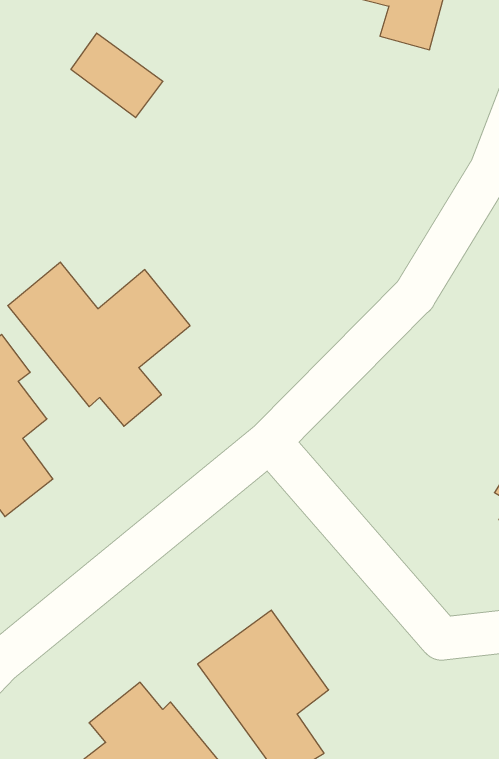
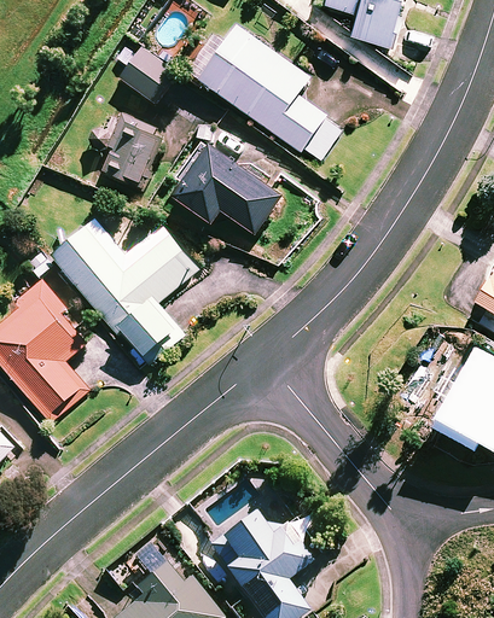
building: none -> [194,23,343,164]
building: none -> [104,128,157,186]
building: none -> [170,139,283,232]

